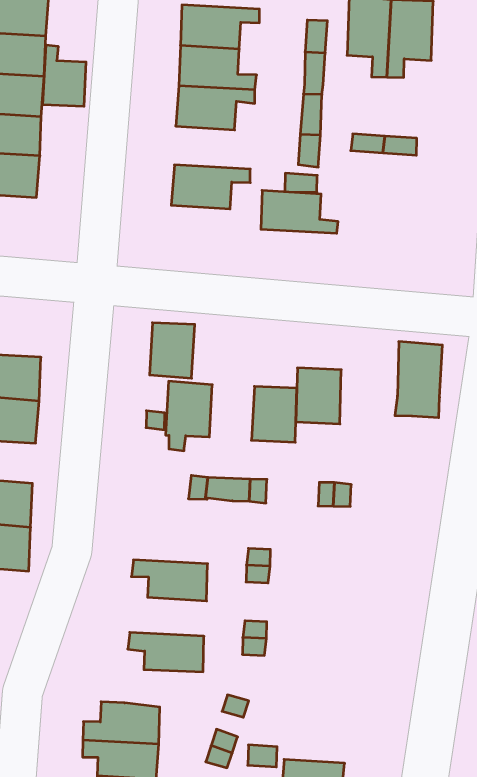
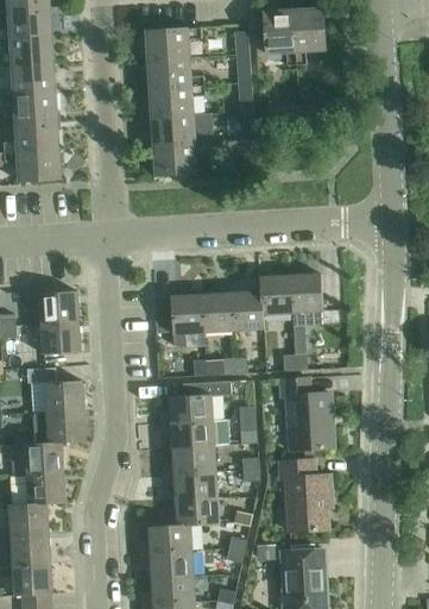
building: [43,45,86,106] -> none
building: [261,190,338,233] -> [151,115,207,145]
building: [150,323,195,378] -> [198,294,231,333]
building: [395,342,442,418] -> [288,274,322,327]
building: none -> [279,379,333,452]
building: none -> [157,395,210,426]
building: none -> [160,448,214,477]
building: none -> [278,460,329,533]
building: none -> [164,498,217,527]

